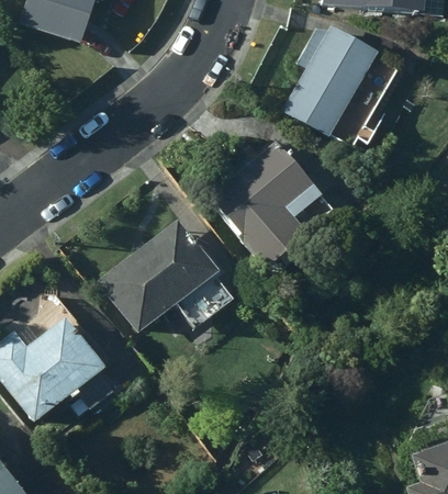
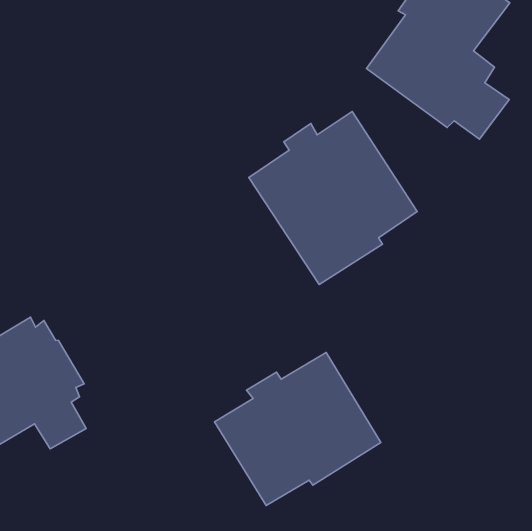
building: [94,216,232,334] -> none
building: none -> [214,353,381,506]

